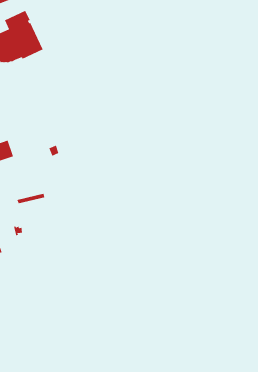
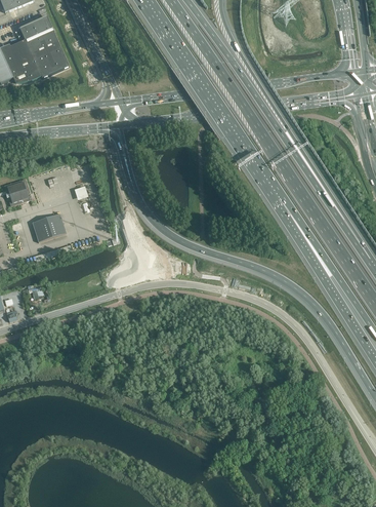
building: none -> [33,212,67,241]

